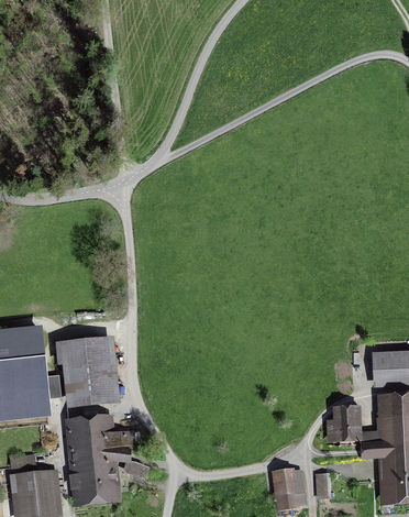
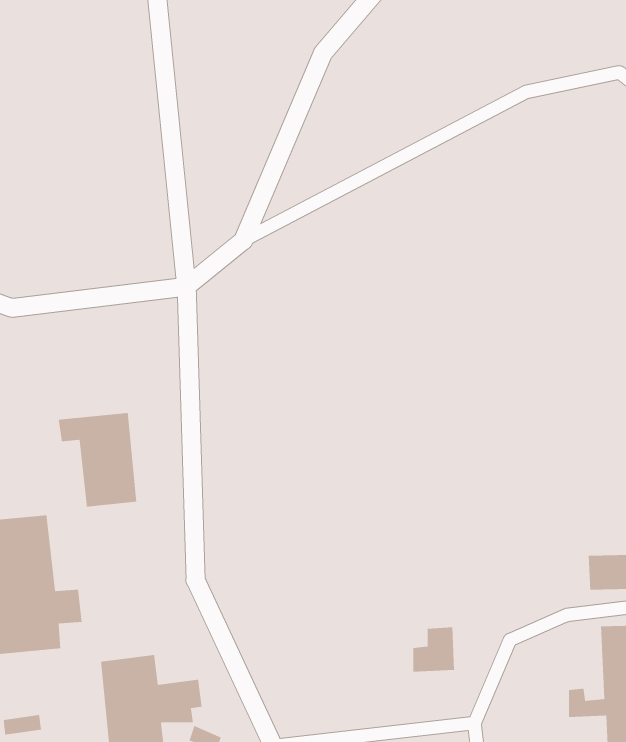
building: [57,341,107,400] -> [58,412,137,508]
building: [330,408,356,437] -> [413,626,455,672]

